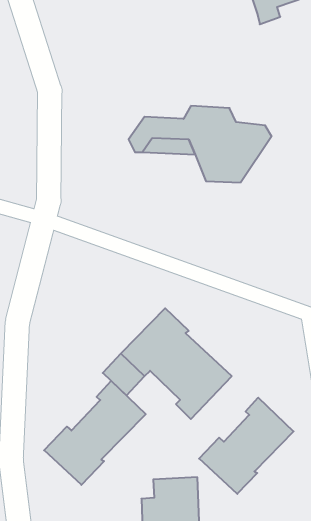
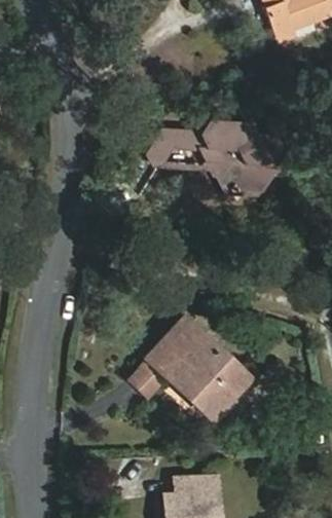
building: [44,381,146,485] -> none
building: [199,398,294,494] -> none

